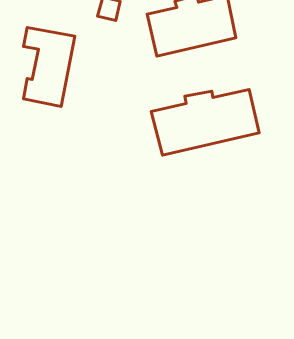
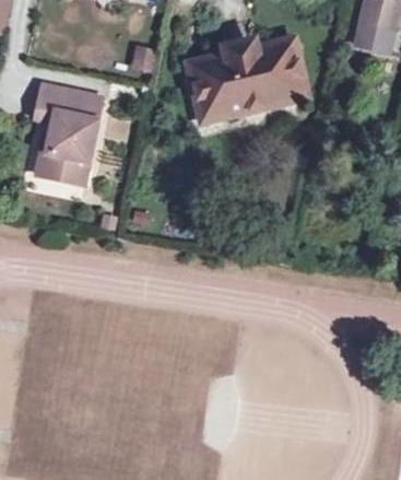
building: [151,89,259,155] -> none

